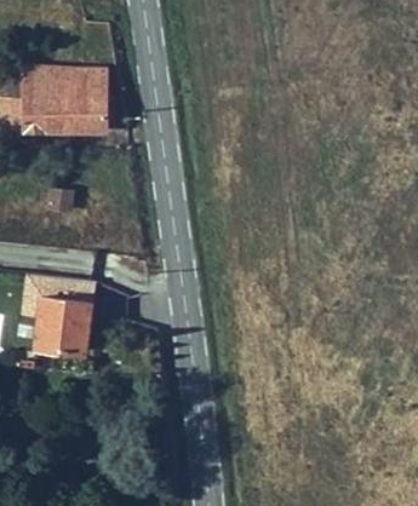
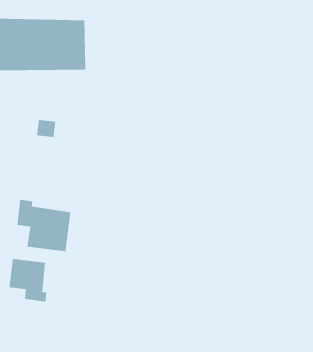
building: none -> [9,258,47,302]

